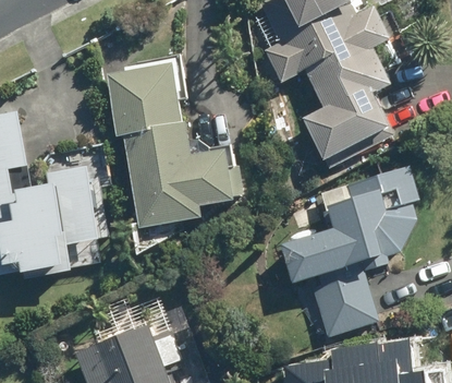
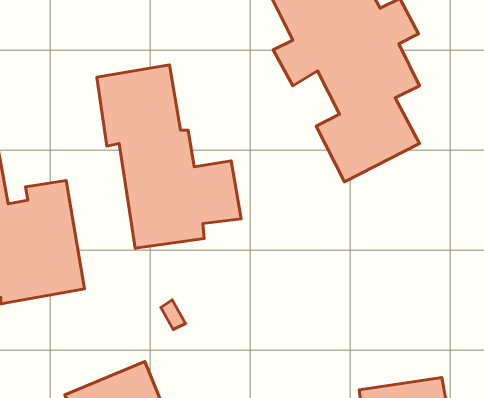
building: [283,165,417,336] -> none

